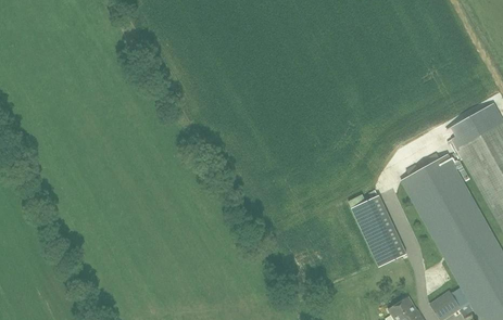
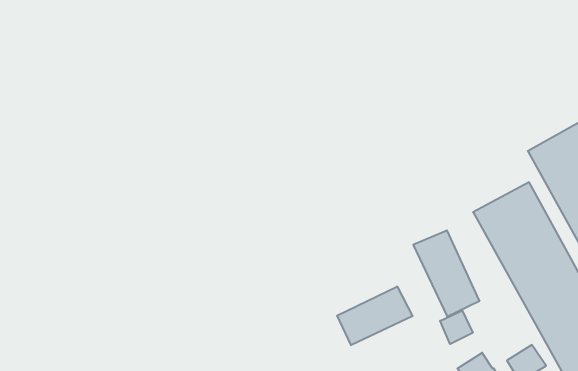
building: none -> [337,286,413,345]
building: none -> [440,310,473,344]

